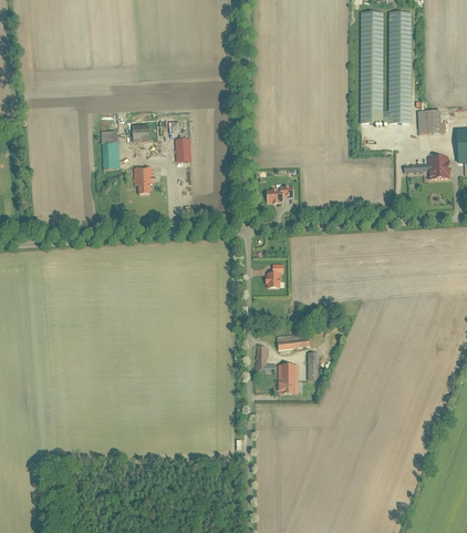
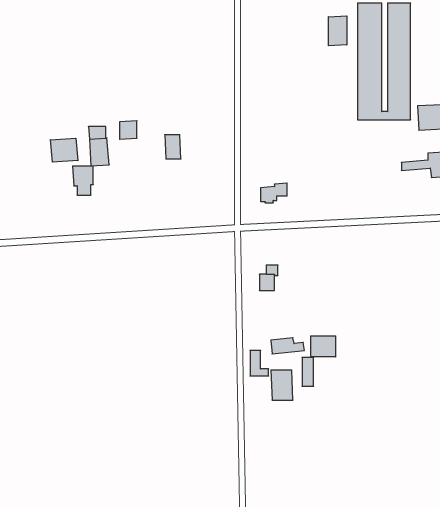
building: none -> [328,16,347,46]
building: none -> [50,138,78,162]
building: [133,166,153,194] -> [73,166,93,195]
building: none -> [311,336,336,357]

